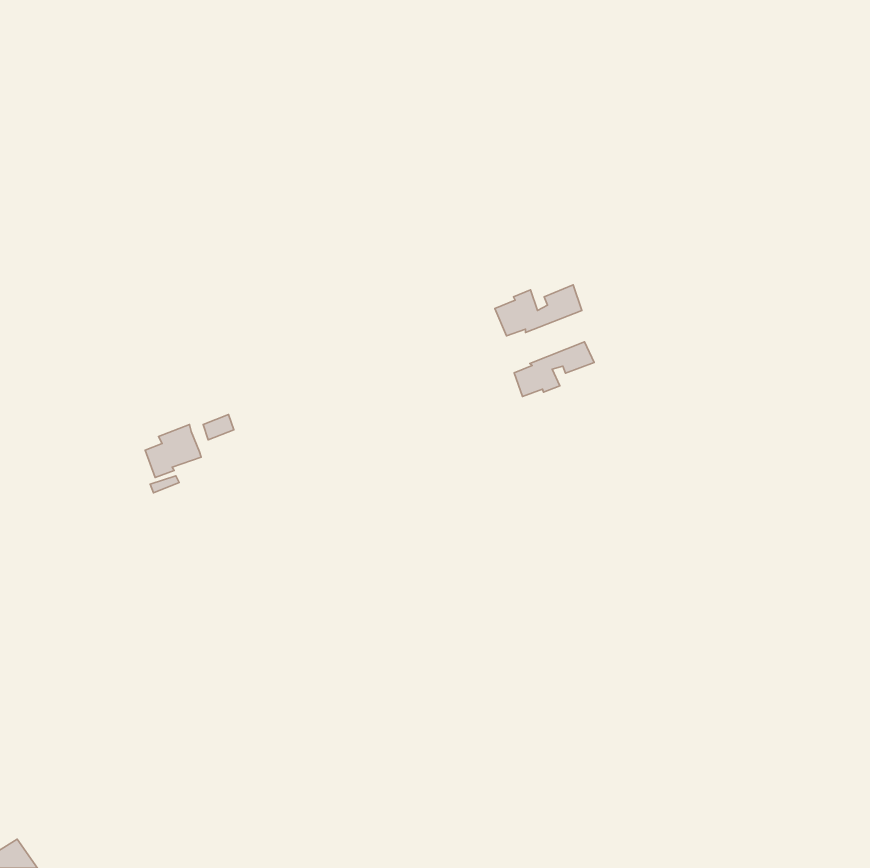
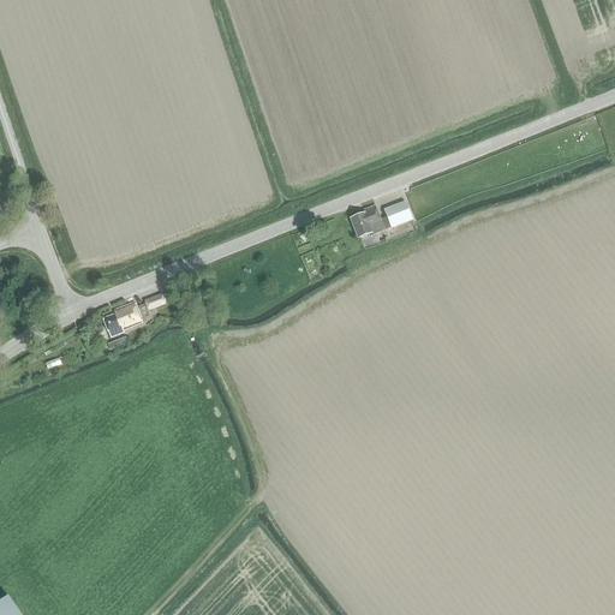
building: [514,342,594,397] -> none

